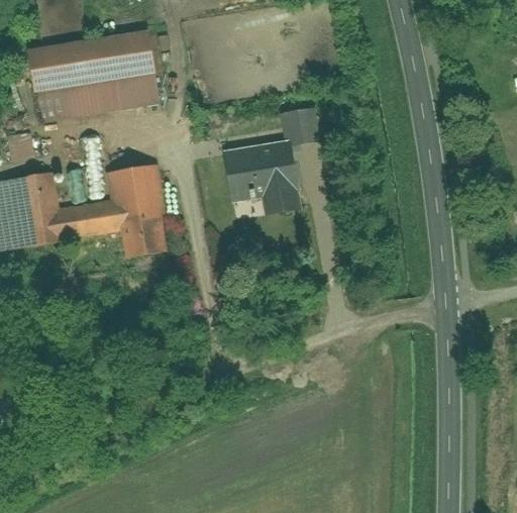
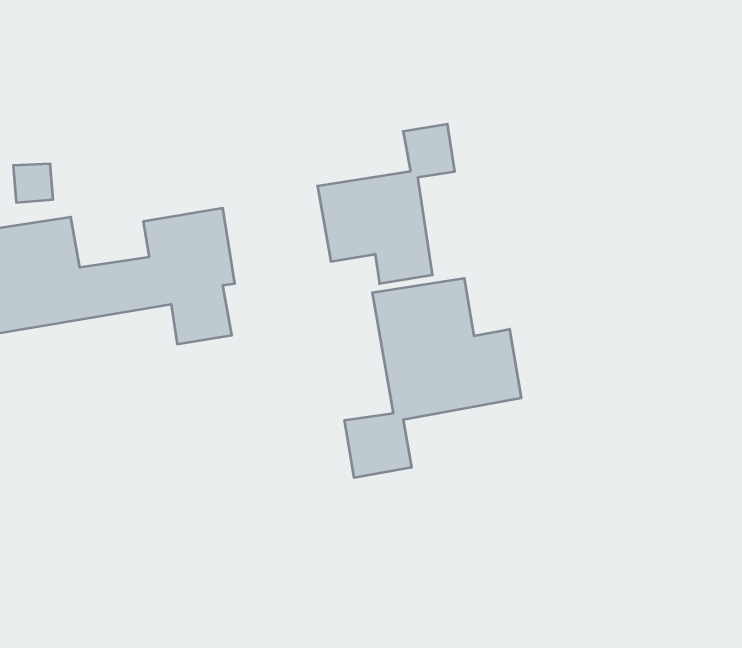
building: [26,27,162,126] -> none
building: none -> [345,278,521,478]

